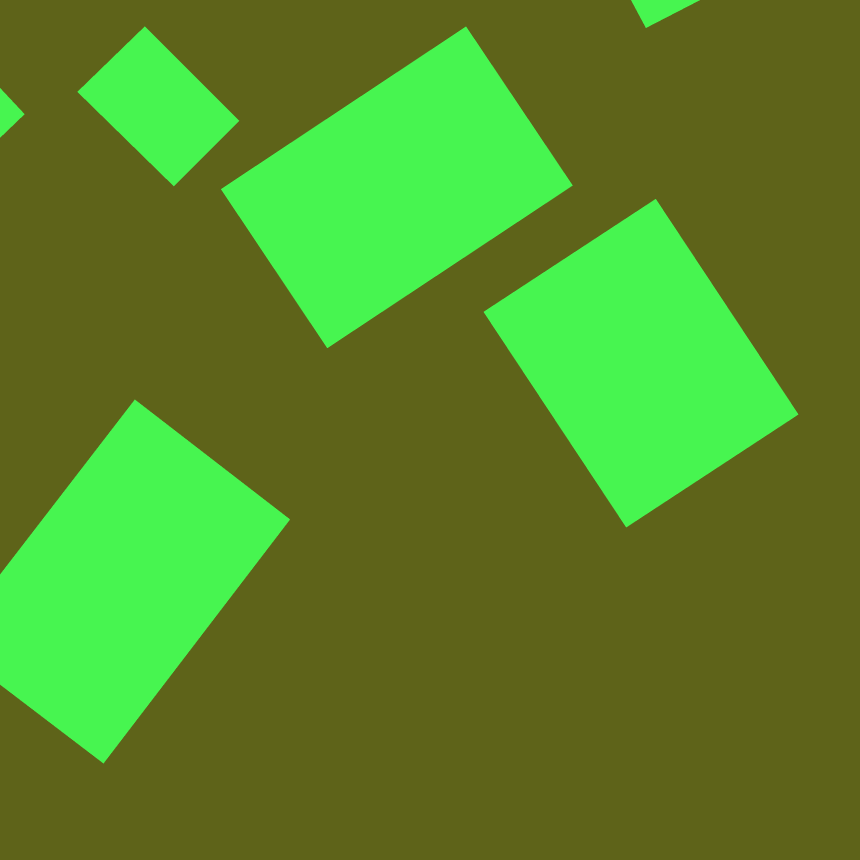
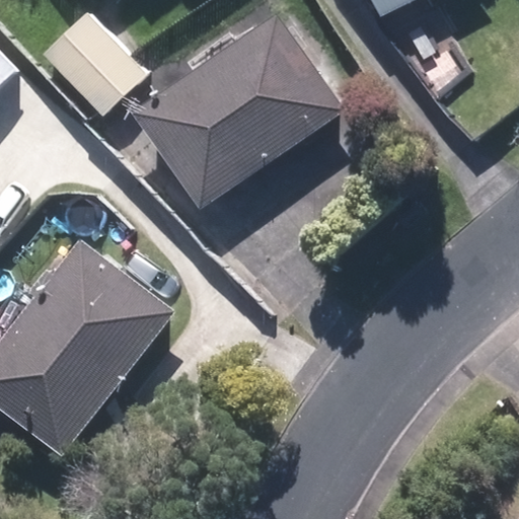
building: [483,198,799,529] -> none

